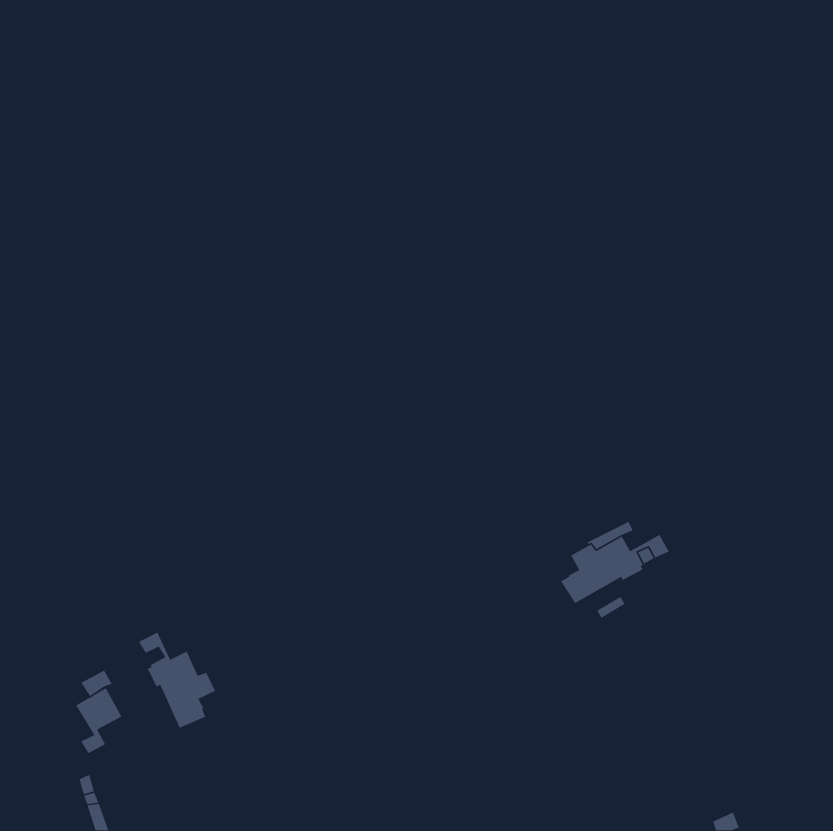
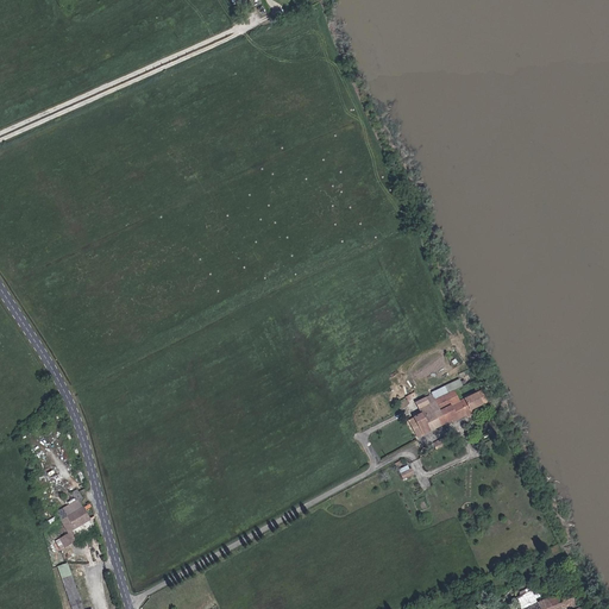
building: [138,632,216,729] -> none

